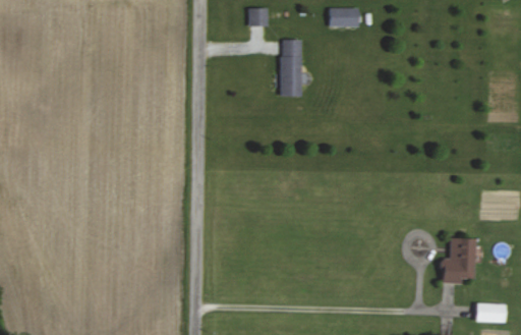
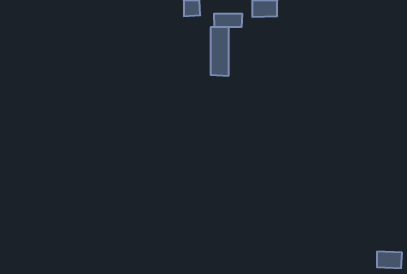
building: none -> [214,14,242,27]
building: [442,238,476,284] -> none

